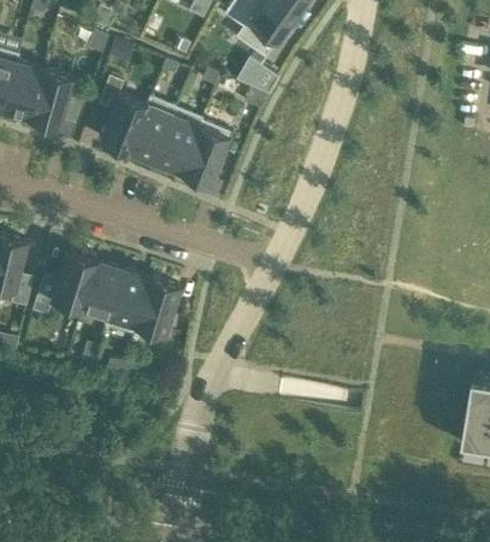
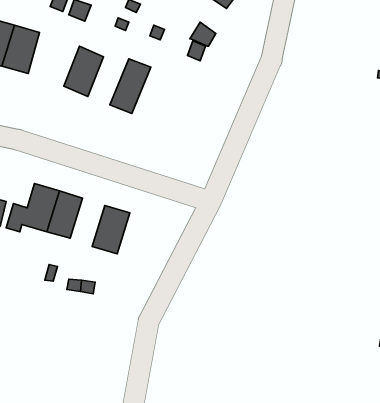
building: [129,100,176,164] -> none
building: [179,120,230,185] -> none
building: [106,271,148,334] -> none

